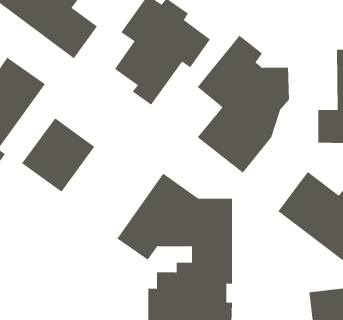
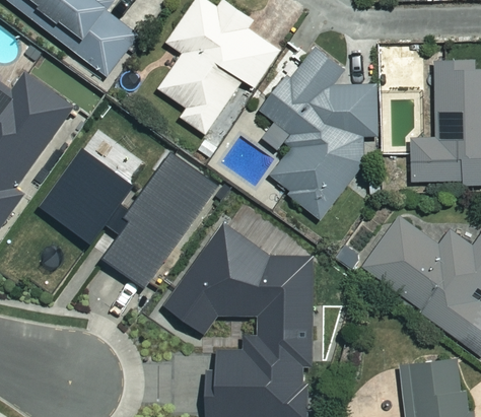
building: none -> [101,154,218,288]

